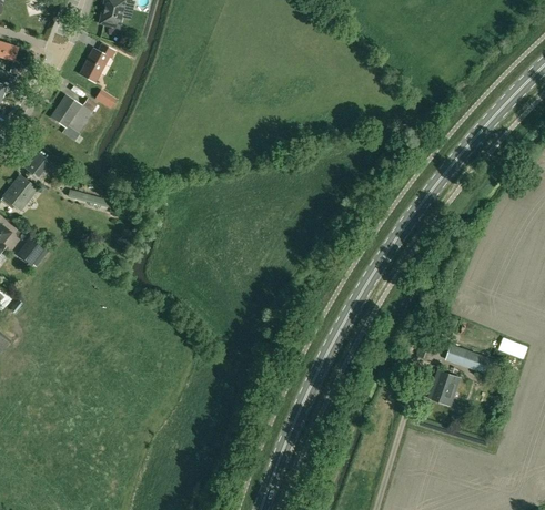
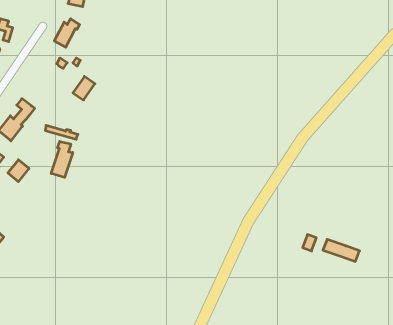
building: [51,95,81,128] -> [73,76,95,100]
building: none -> [51,141,73,177]
building: [427,370,460,408] -> none

